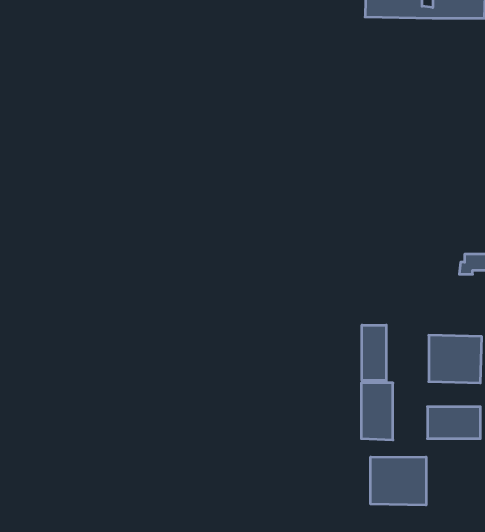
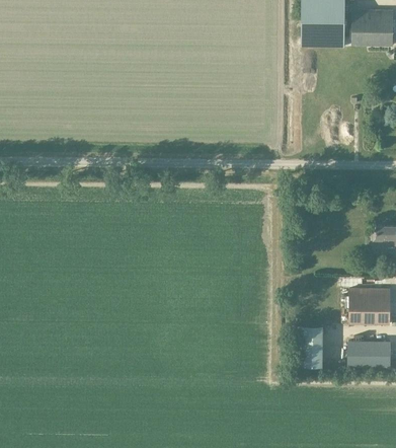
building: [362,325,386,381] -> none
building: [371,457,426,505] -> none

